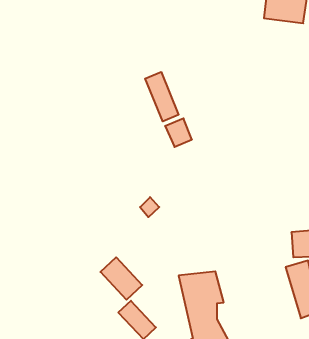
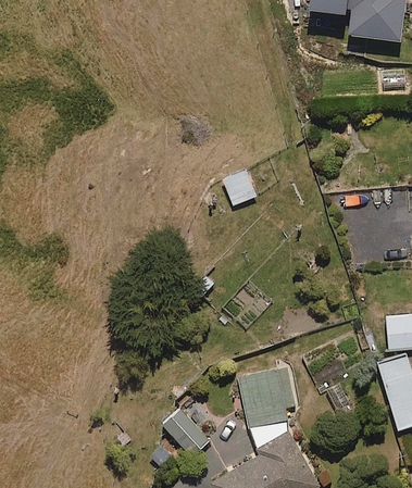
building: [145,72,179,121] -> none
building: [100,257,142,300] -> none

